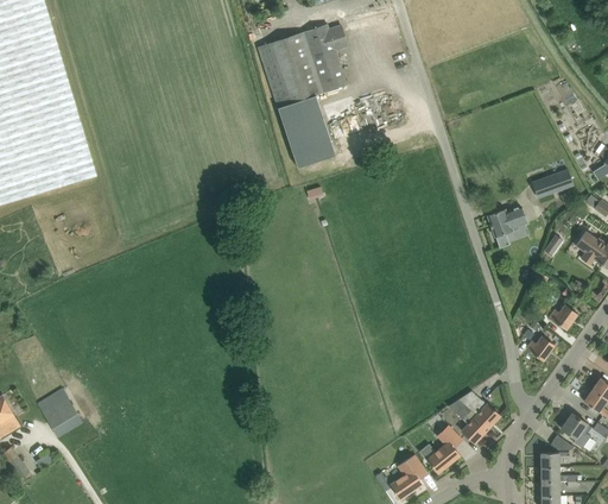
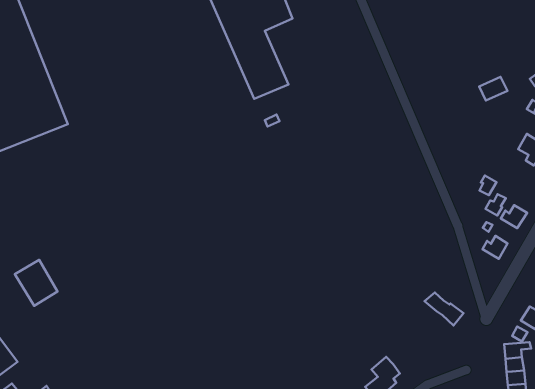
building: [488,207,527,248] -> none
building: [38,389,82,437] -> [15,260,58,306]
building: [449,399,489,443] -> none
building: [428,442,461,474] -> none

